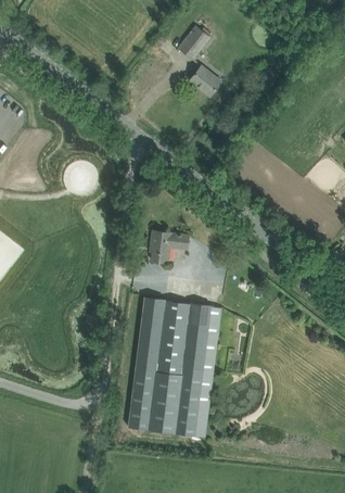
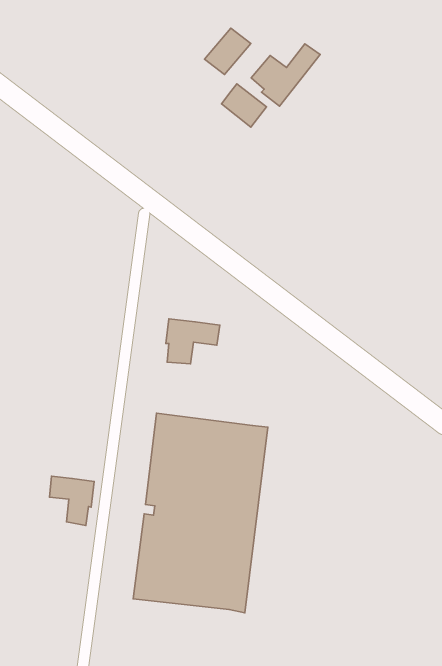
building: none -> [251,44,320,106]
building: none -> [49,476,94,526]

